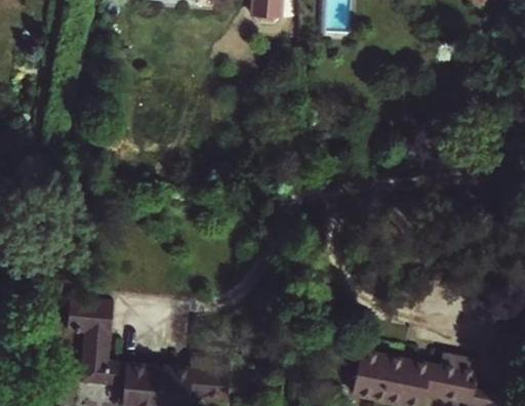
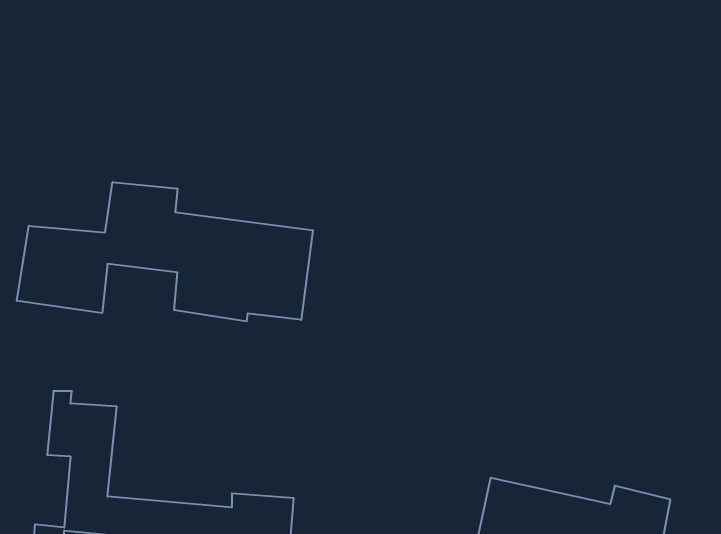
building: none -> [17,182,313,321]

